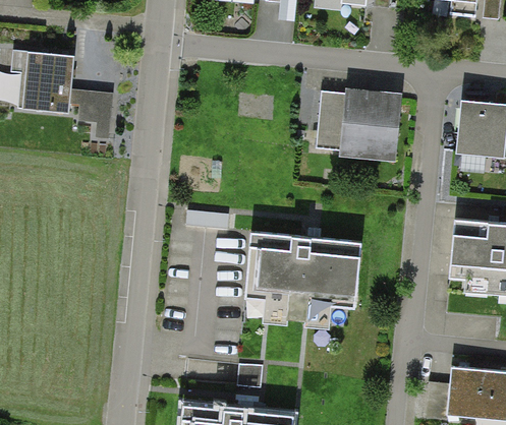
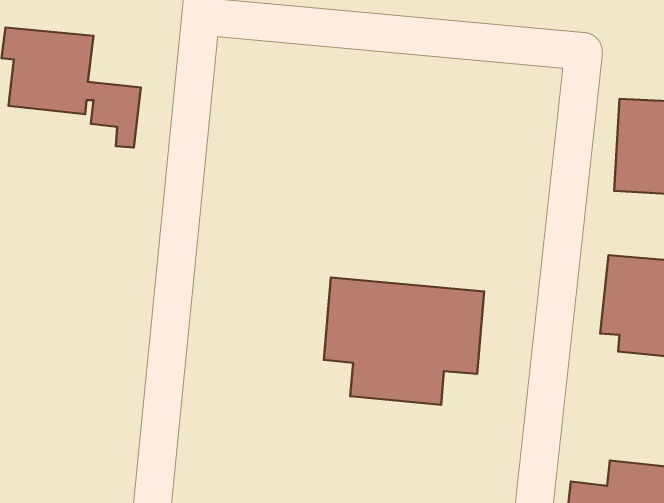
building: [314,94,403,155] -> none

